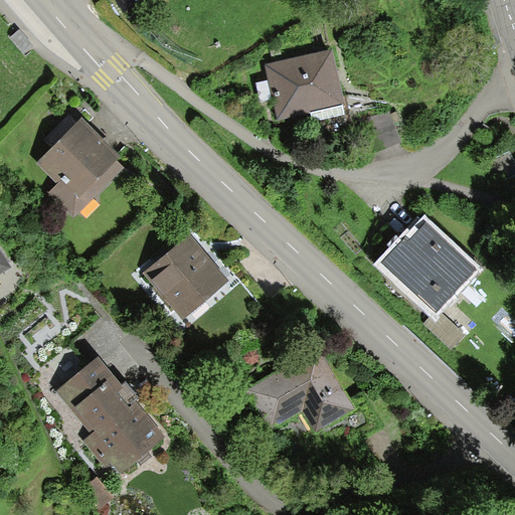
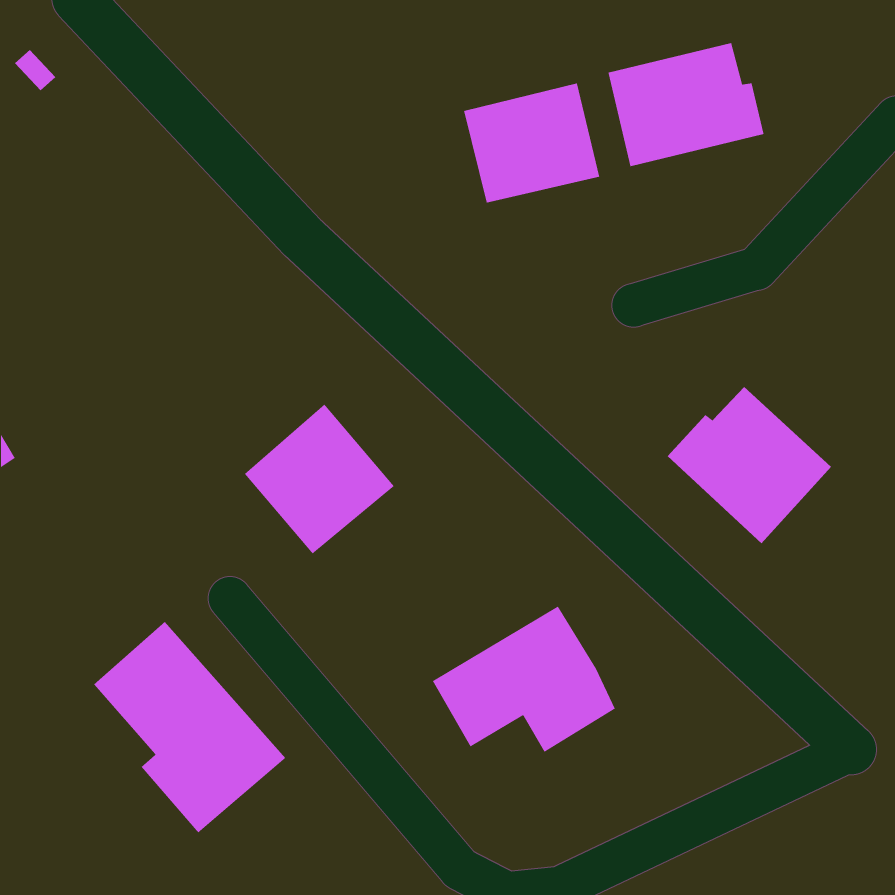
building: none -> [608,42,764,167]
building: [39,118,123,216] -> none

